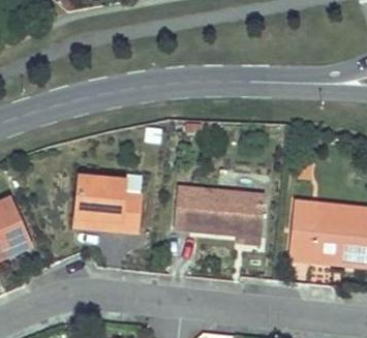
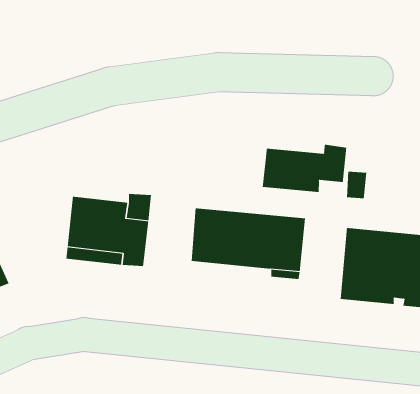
building: none -> [262,144,347,193]

